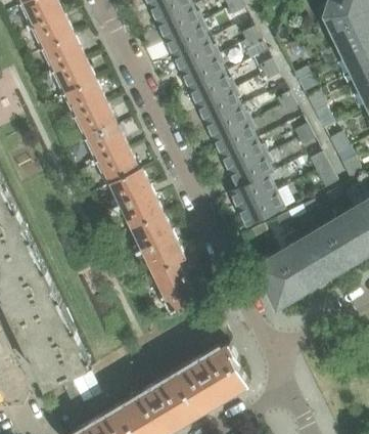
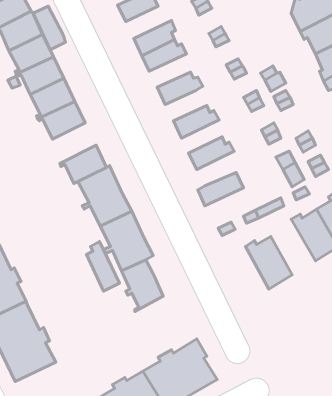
building: [157,7,203,40] -> none
building: none -> [33,6,66,50]
building: [181,55,224,89] -> none
building: [197,88,239,123] -> none
building: [214,122,256,156] -> none
building: [84,125,128,166] -> none
building: [229,154,271,188] -> none
building: [237,190,285,226] -> none
building: [304,222,349,278] -> none
building: none -> [86,241,119,291]
building: [255,250,302,308] -> none

